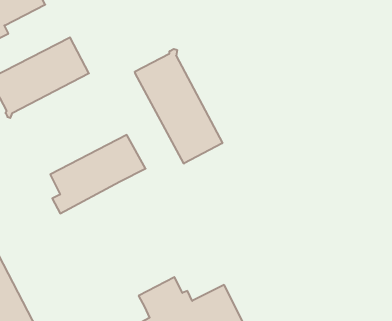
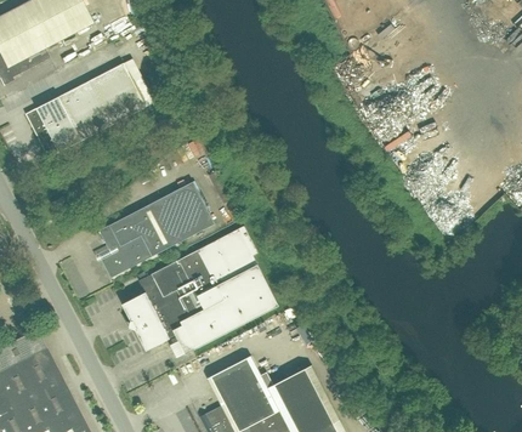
building: [135,49,222,164] -> none
building: none -> [123,226,278,353]

